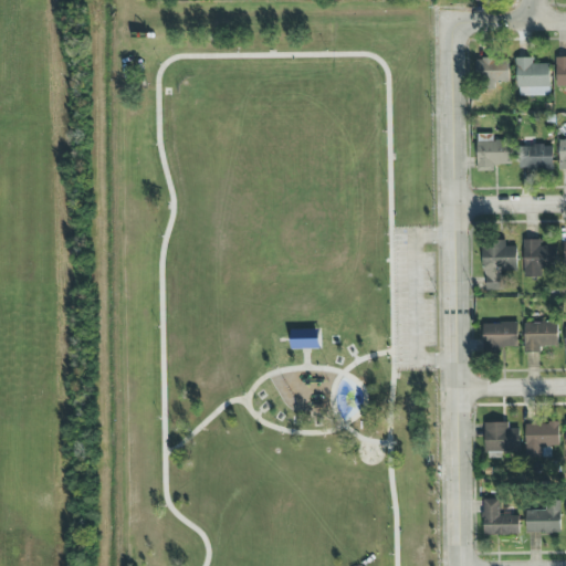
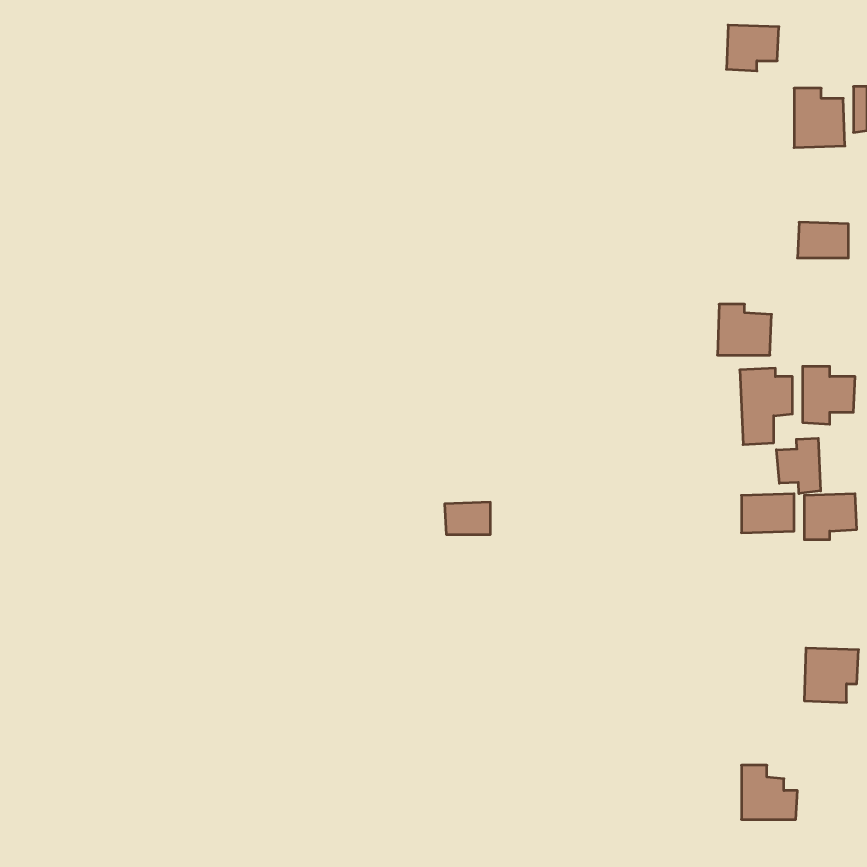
building: [475,59,510,88] -> [726,25,779,71]
building: [476,134,512,167] -> [717,304,772,355]
building: none -> [776,438,821,494]
building: [484,422,520,452] -> none
building: [525,503,560,533] -> none

